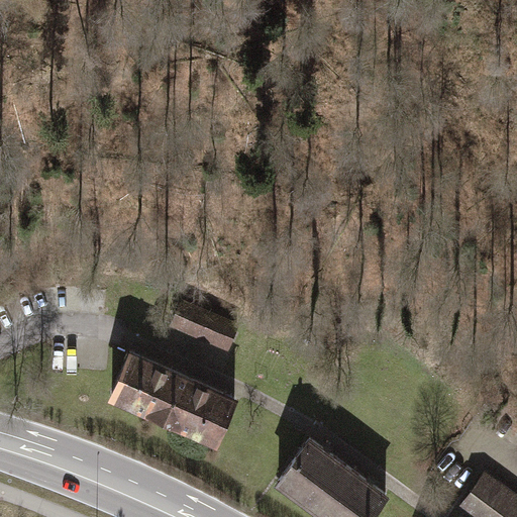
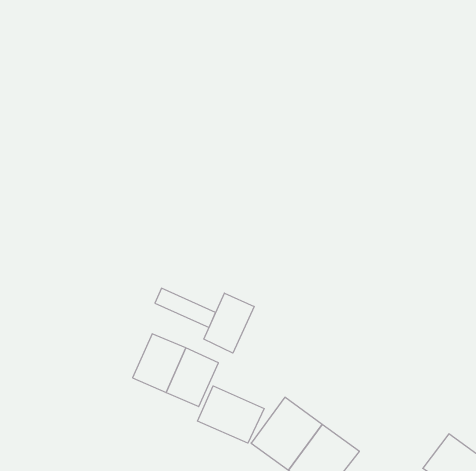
building: none -> [204,293,254,353]
building: [109,351,166,415] -> none
building: none -> [198,386,264,443]

